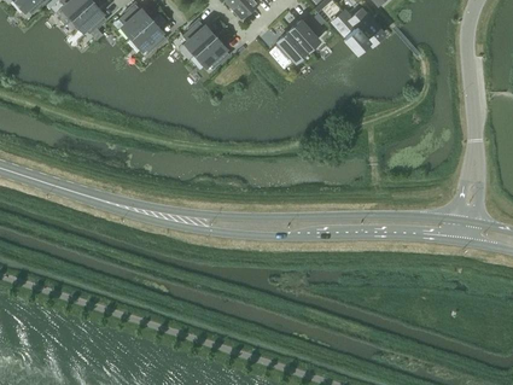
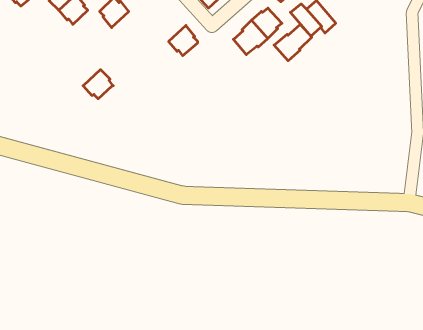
building: [133,21,167,53] -> [83,70,113,99]
building: [182,22,216,54] -> none
building: none -> [274,25,312,61]

